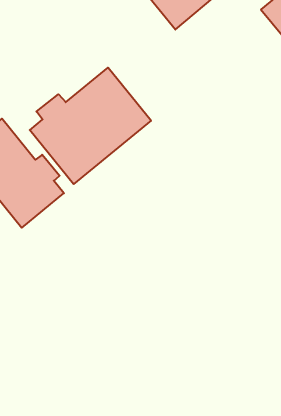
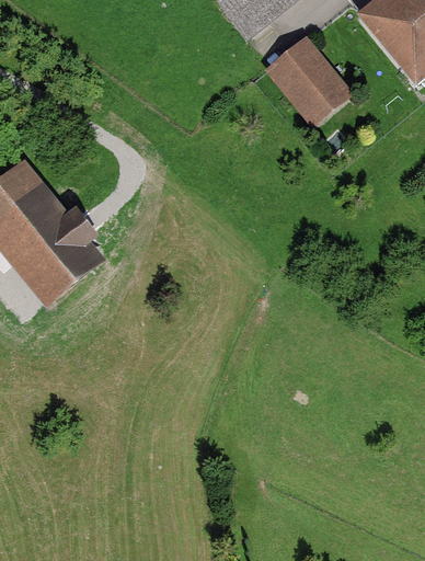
building: none -> [266,34,352,124]
building: [30,68,151,184] -> none

